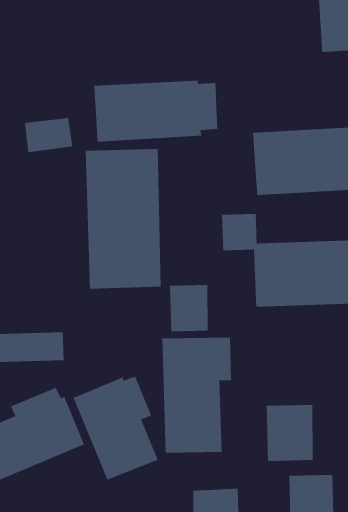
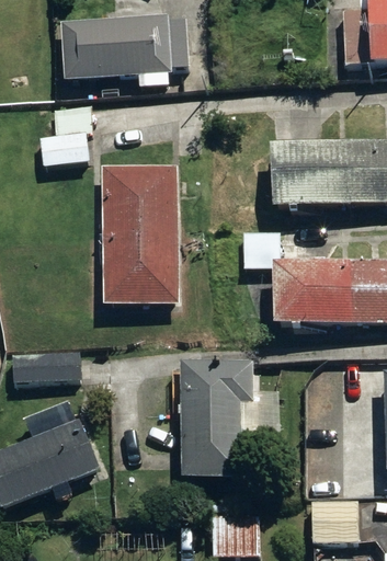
building: [94,80,218,142] -> [60,16,189,80]
building: [170,284,208,332] -> none
building: [73,376,158,480] -> none
building: [266,404,313,462] -> none

